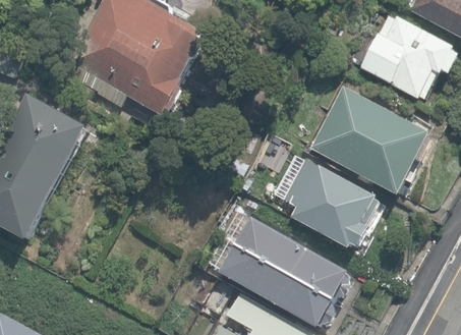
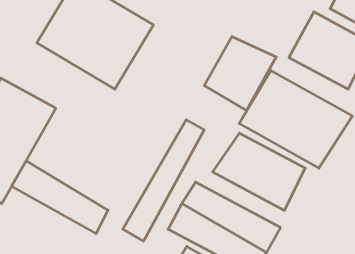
building: none -> [204,36,276,111]
building: none -> [123,120,204,241]
building: none -> [12,161,108,234]

